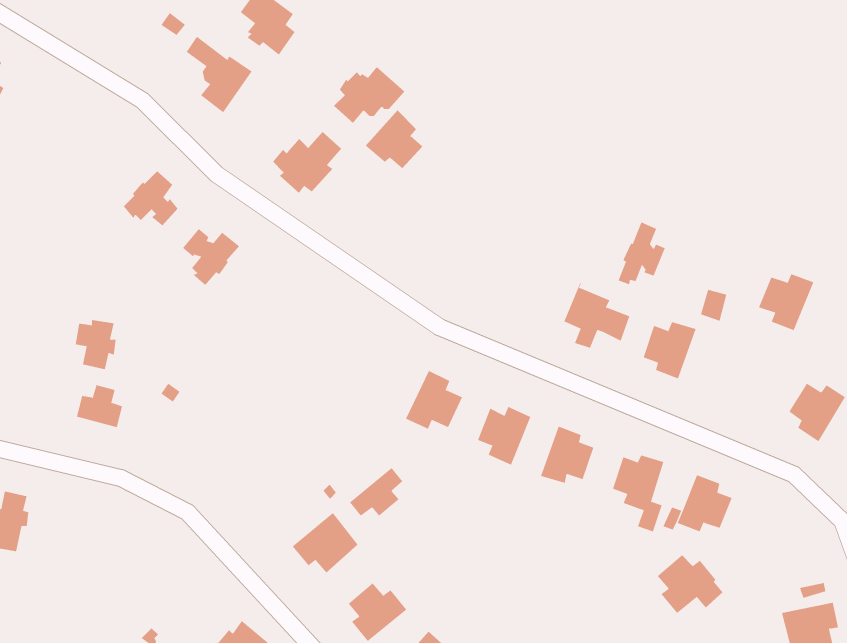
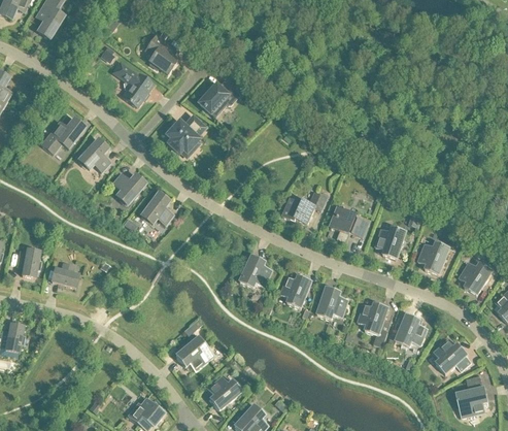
building: [365,110,423,169] -> none
building: none -> [42,119,84,152]
building: [618,222,666,285] -> none
building: none -> [283,192,328,224]
building: none -> [140,193,173,225]
building: [758,273,814,331] -> [418,241,450,274]
building: [75,319,116,370] -> [18,248,41,277]
building: [349,467,403,516] -> none
building: [657,555,724,614] -> [434,339,472,373]

